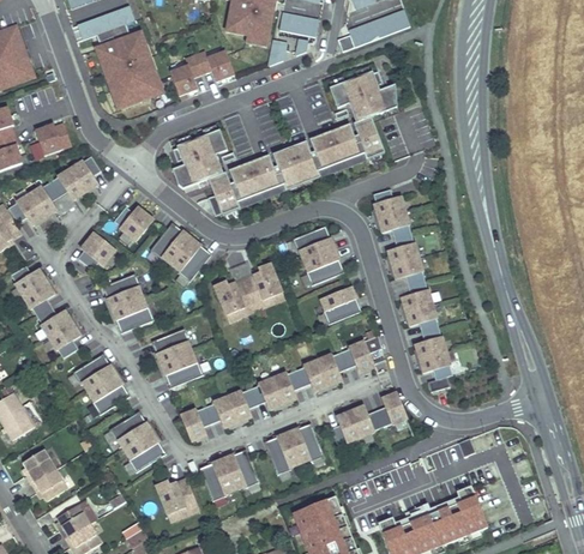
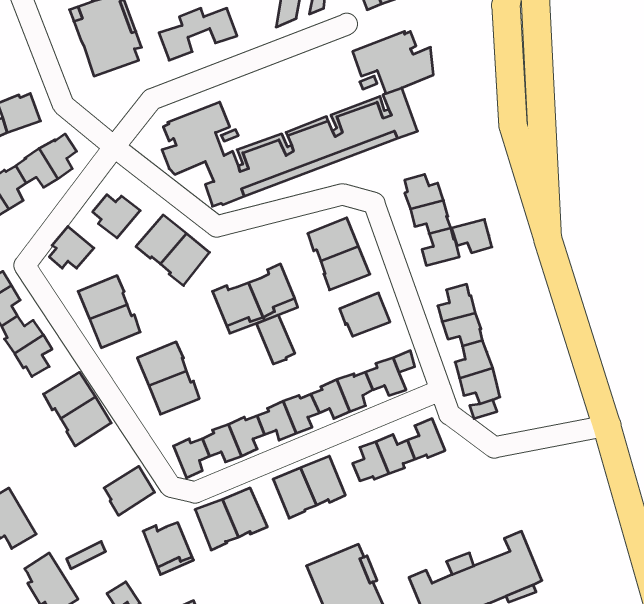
building: [391,257,425,284] -> [451,219,492,253]
building: none -> [256,315,295,364]
building: [109,410,152,448] -> none

